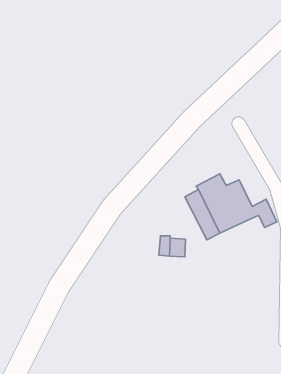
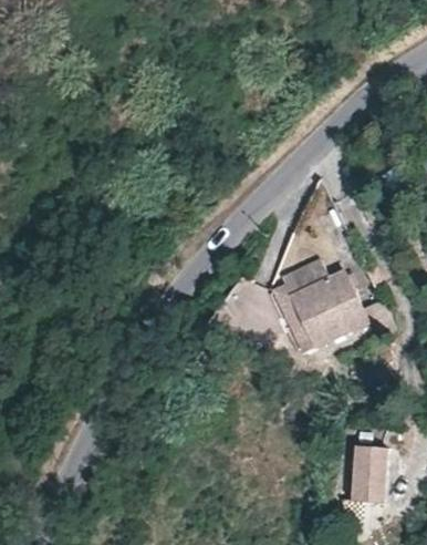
building: none -> [350,448,386,503]

